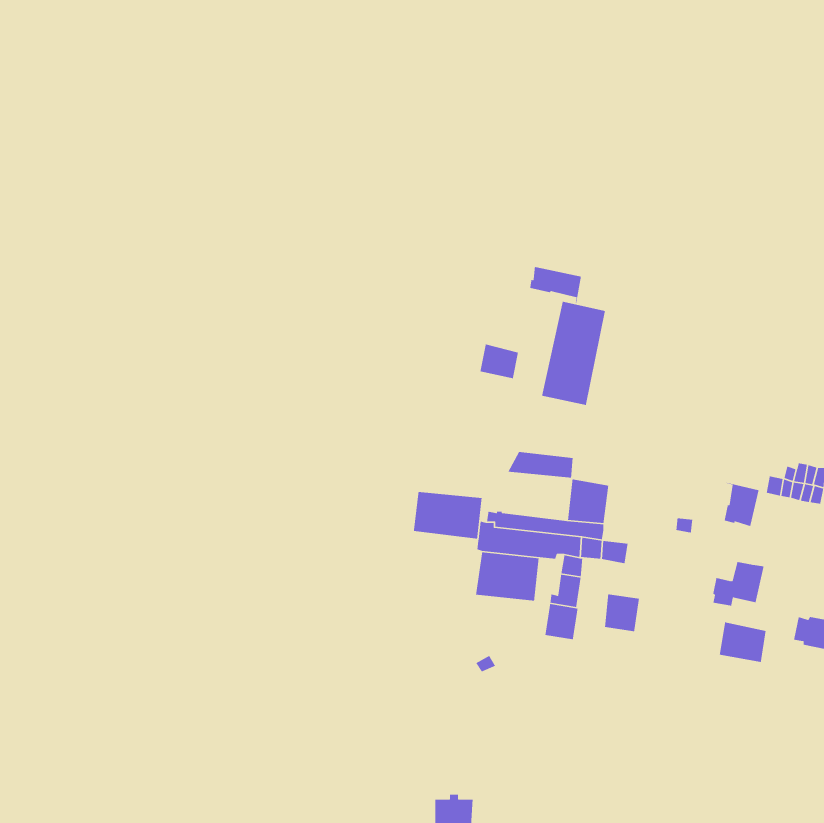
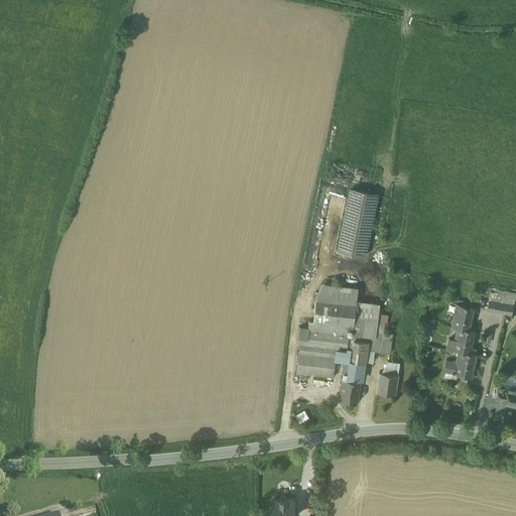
building: [529,266,582,304] -> none
building: [479,343,519,379] -> none
building: [413,491,483,540] -> [314,296,358,327]
building: none -> [447,328,476,354]
building: [719,622,766,663] -> none

